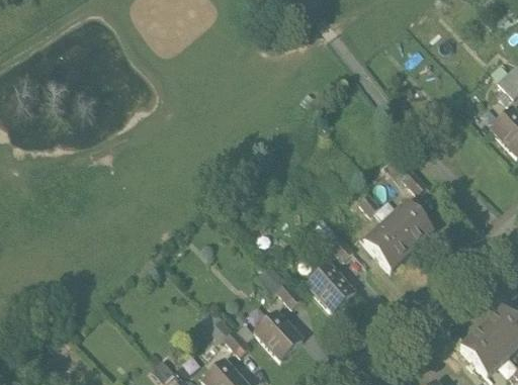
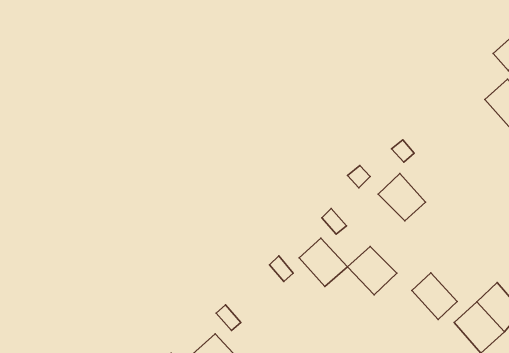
building: [363,220,412,268] -> [348,246,397,295]
building: none -> [412,273,457,319]
building: [255,310,304,359] -> none

